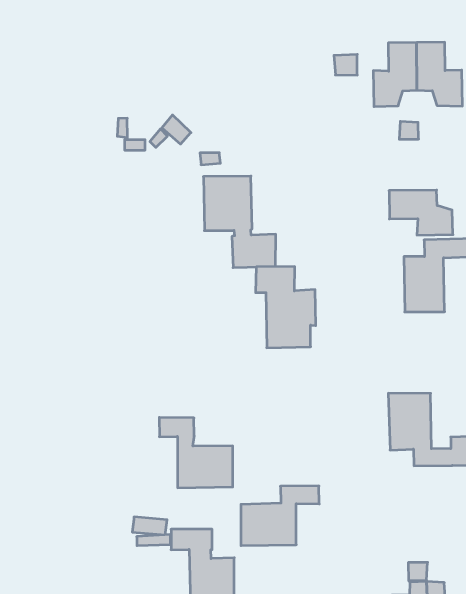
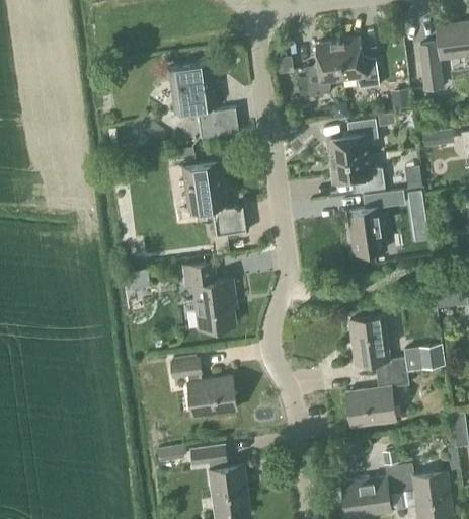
building: none -> [168,66,239,139]
building: none -> [327,120,378,161]
building: [256,267,316,348] -> [183,264,236,330]
building: [241,486,319,546] -> [347,372,409,427]

